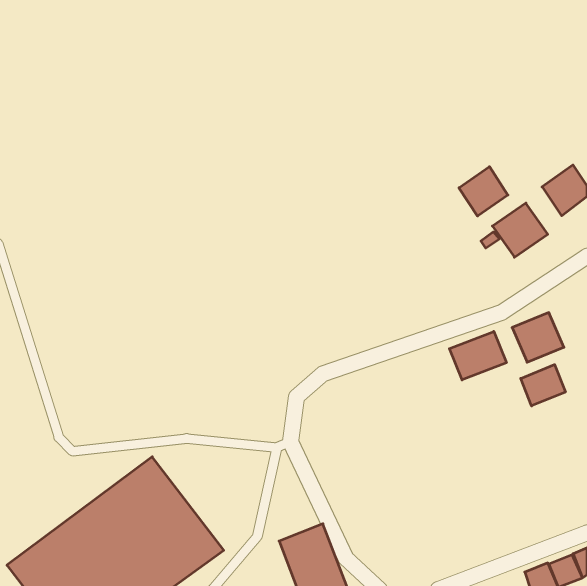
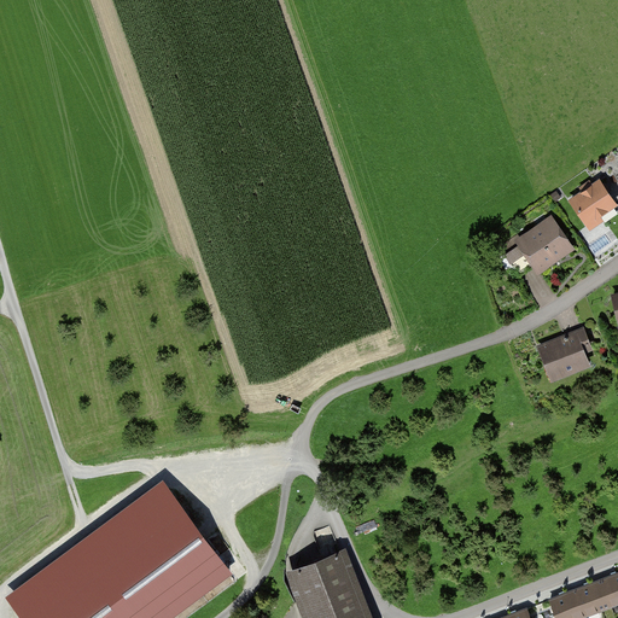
building: [459,167,508,216] -> none
building: [449,331,506,380] -> none
building: [521,365,565,406] -> none

